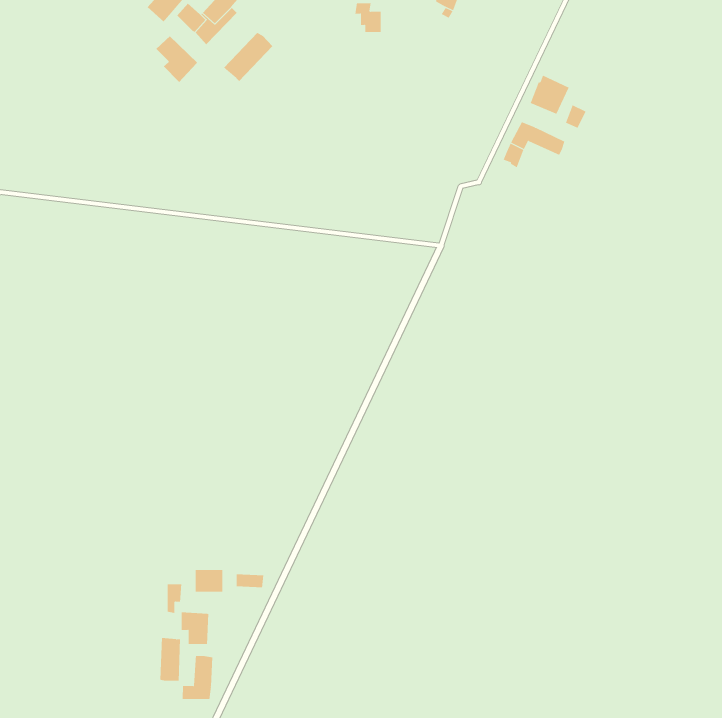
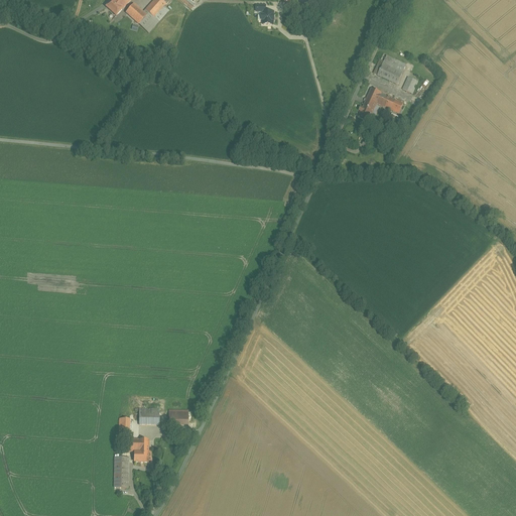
building: [223,32,273,82] -> none
building: [156,35,198,83] -> none
building: [182,655,213,700] -> none

